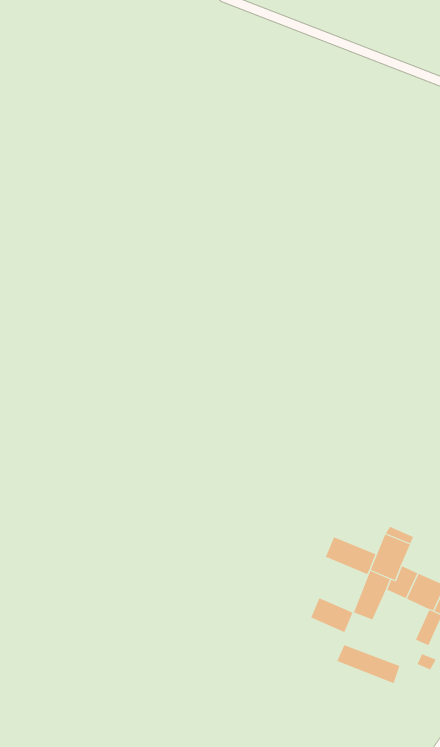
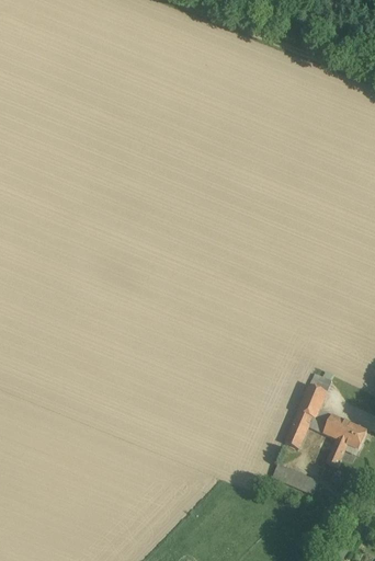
building: [325,536,376,575] -> none
building: [310,598,353,633] -> none

